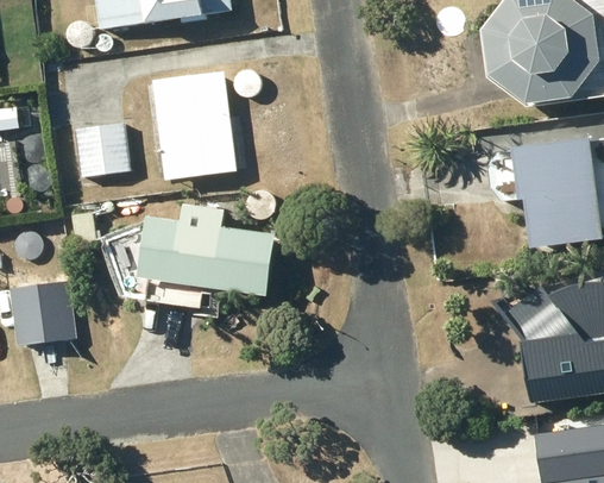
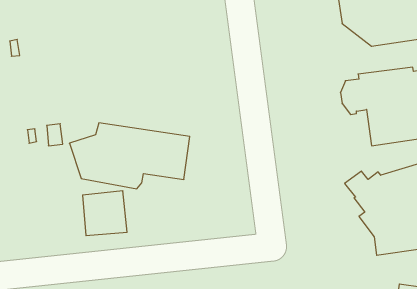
building: [151,70,246,180] -> none
building: [75,124,132,177] -> none
building: [11,283,74,346] -> [83,191,127,236]

